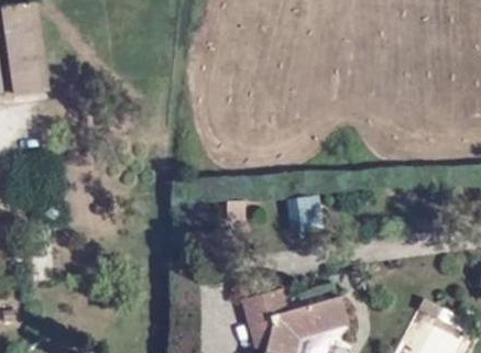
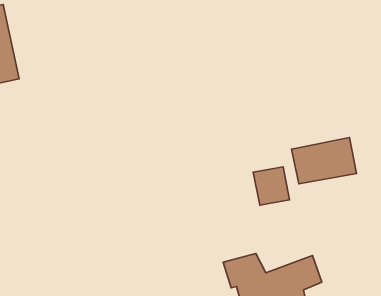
building: none -> [292,138,356,184]

